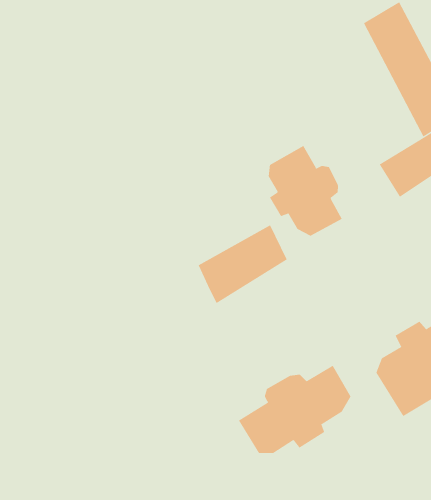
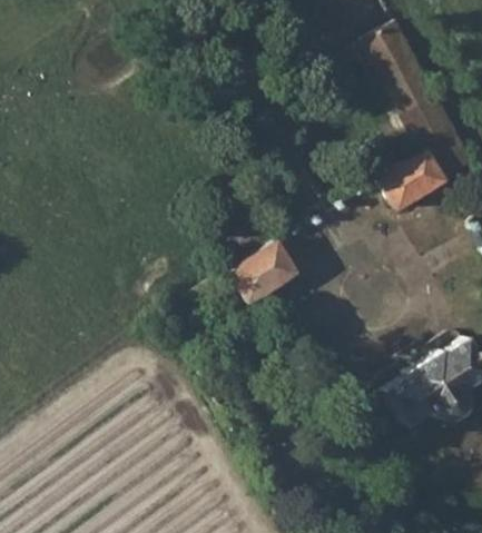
building: [268,145,342,236] -> none
building: [238,365,351,454] -> none

